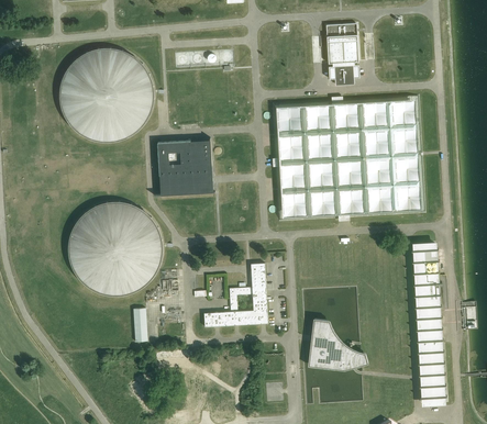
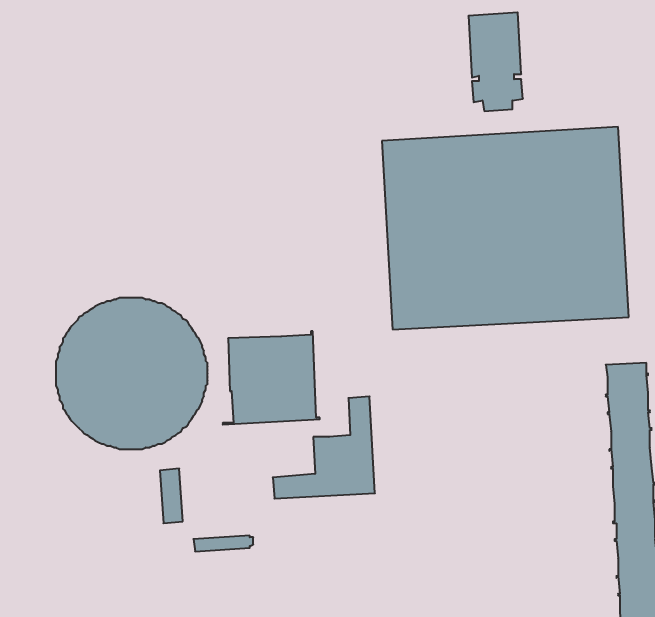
building: [59,47,154,142] -> none
building: [154,137,214,196] -> [223,331,320,425]
building: [308,317,368,370] -> none

